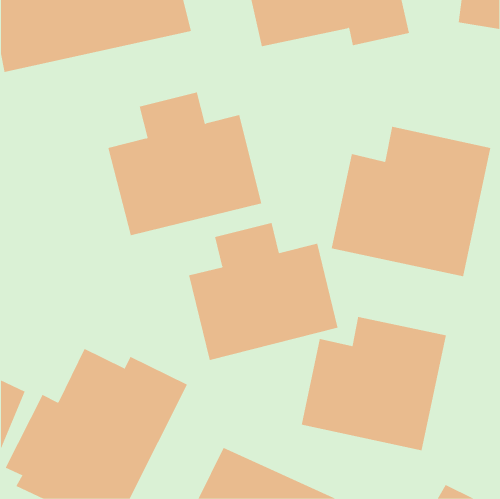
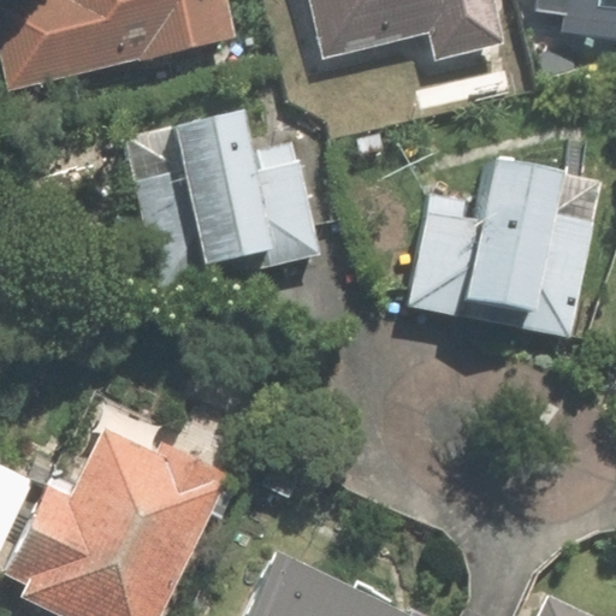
building: [188,222,338,361] -> none
building: [301,316,447,451] -> none

